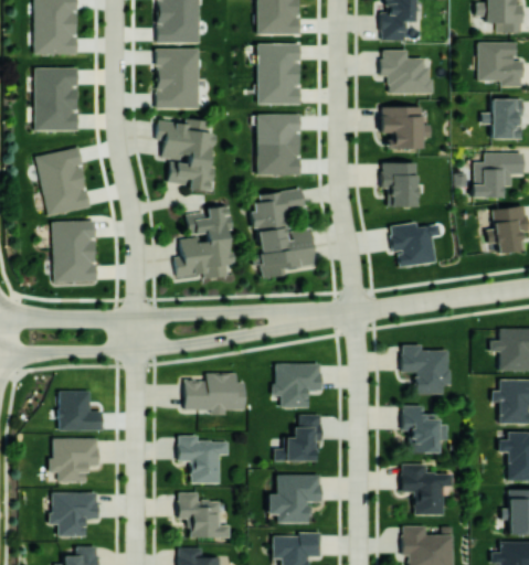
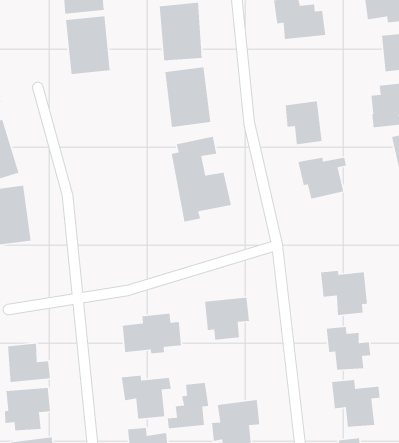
building: [381,106,422,150] -> none
building: [156,119,214,191] -> none
building: [173,207,234,278] -> none
building: [275,415,321,461] -> [167,382,209,429]

